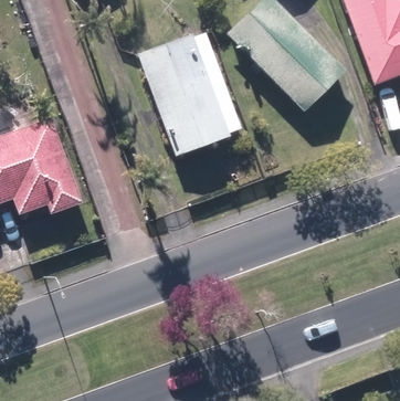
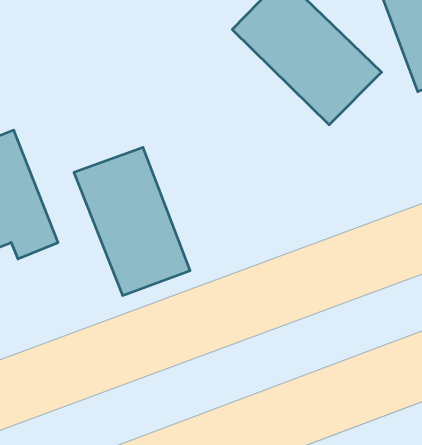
building: [137,36,230,155] -> [74,147,190,295]

